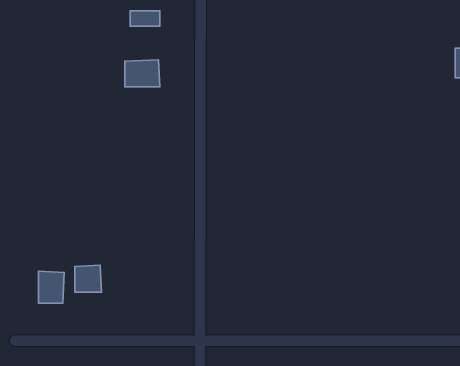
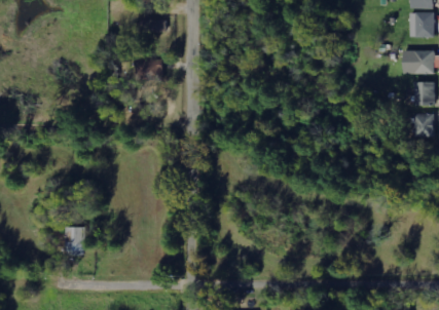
building: [75,265,101,292] -> none

